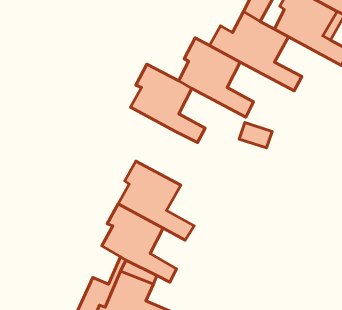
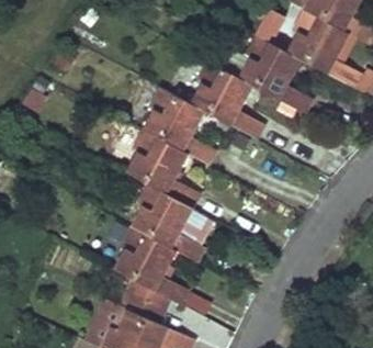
building: none -> [126,130,201,207]

